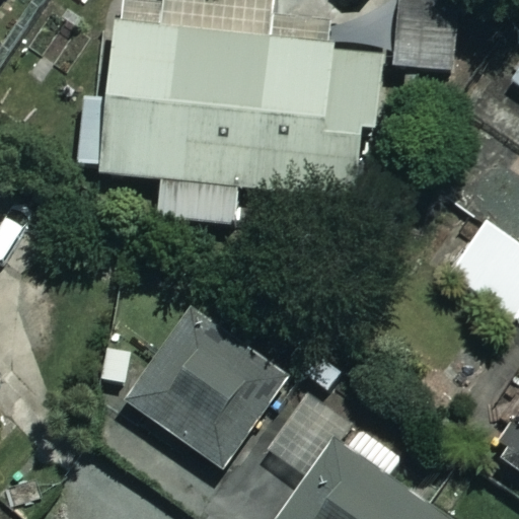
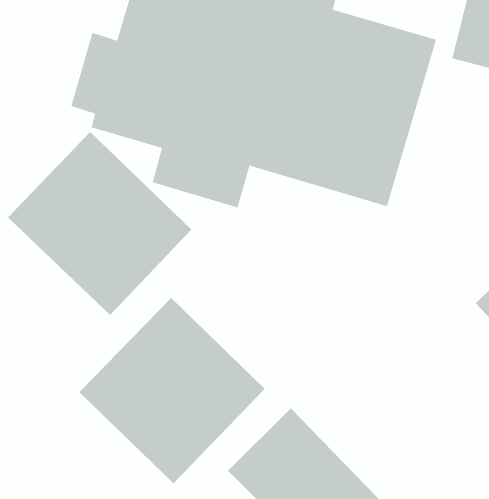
building: none -> [7,131,192,316]

